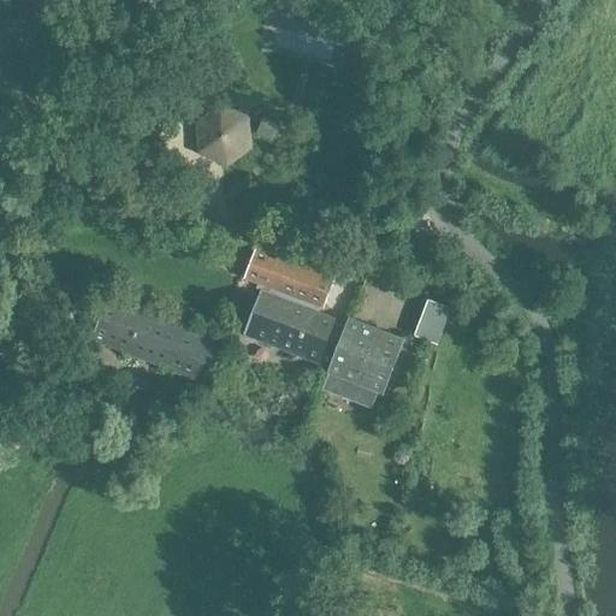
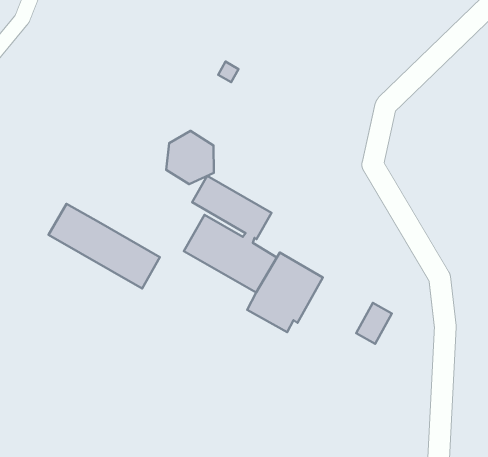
building: [196,105,250,164] -> [166,131,214,184]
building: [414,300,450,344] -> [356,303,392,344]

